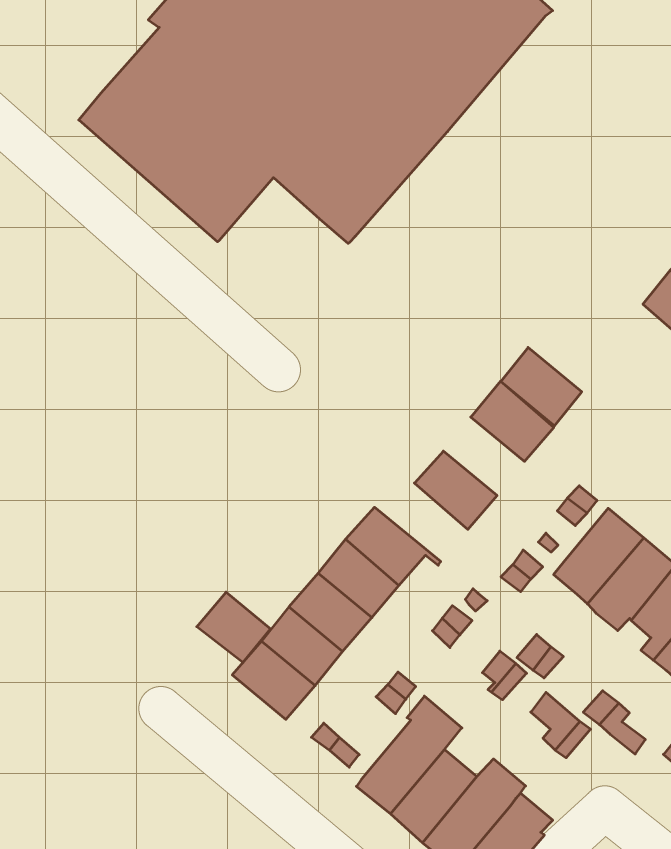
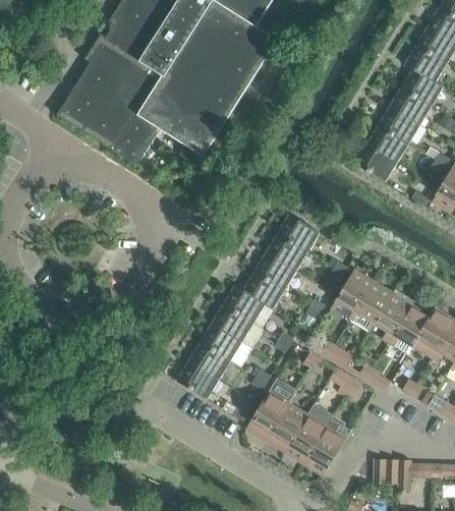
building: [501,347,582,426] -> [267,233,308,271]
building: none -> [236,271,285,308]
building: [197,592,271,663] -> none

